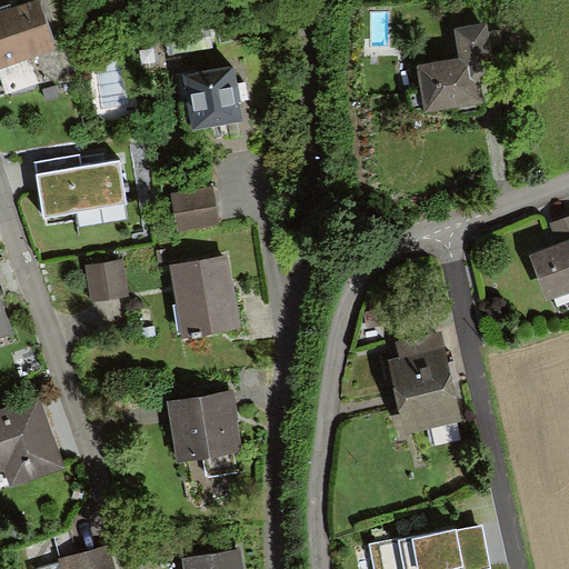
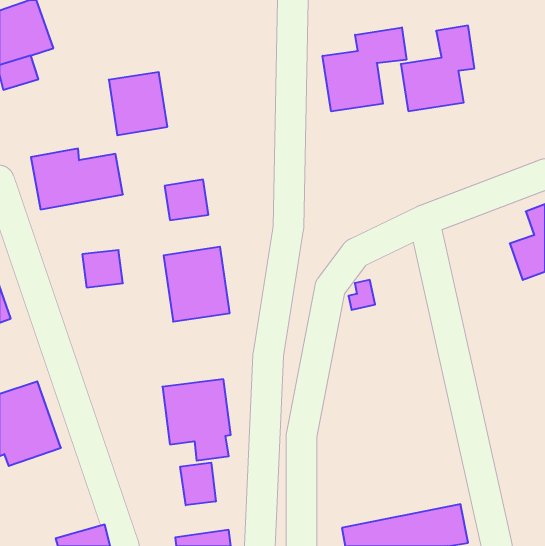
building: none -> [323,27,406,111]
building: [181,66,242,131] -> [109,72,167,135]
building: [396,333,460,411] -> none
building: none -> [180,463,216,505]

